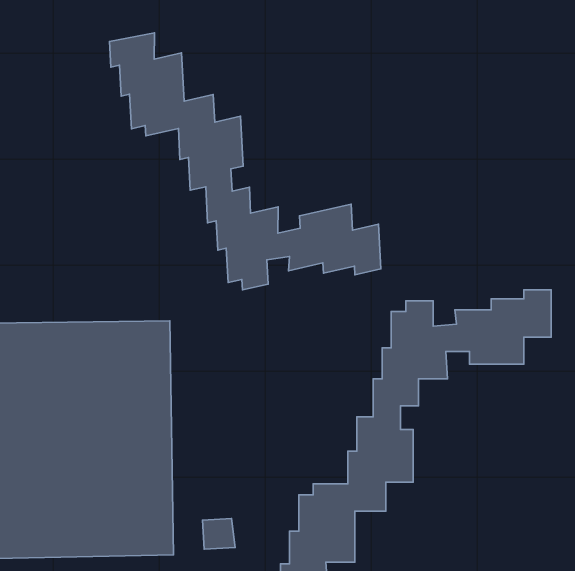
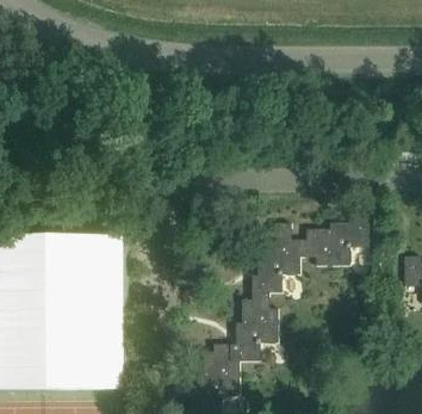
building: [110,33,381,290] -> none

